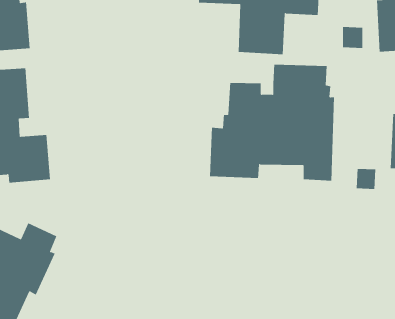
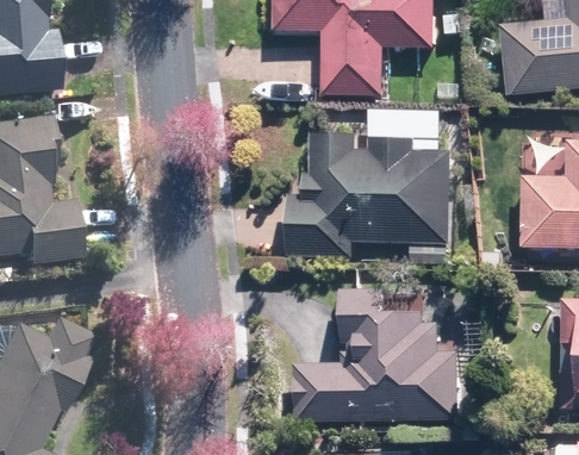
building: none -> [298,287,461,423]

